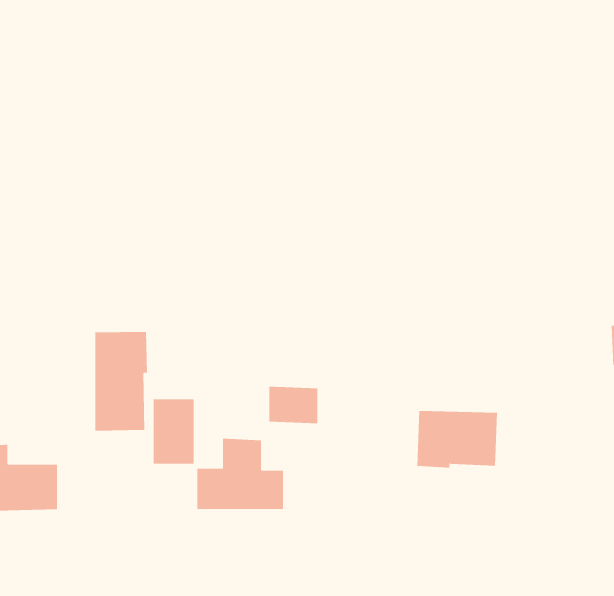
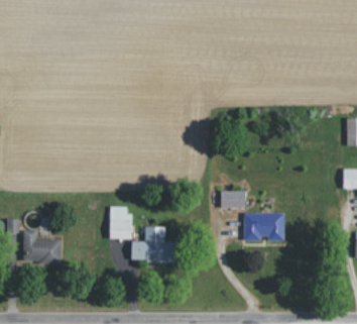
building: [95,331,148,431] -> none
building: [269,386,318,424] -> [221,190,246,209]

